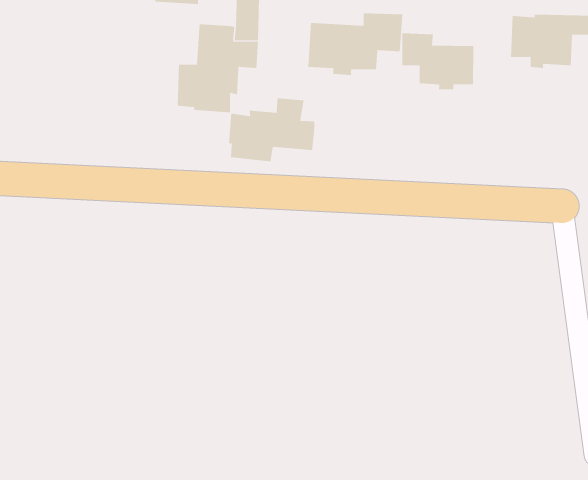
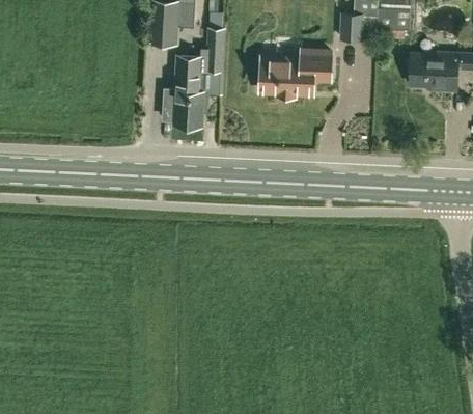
building: [402,33,474,90] -> none
building: [229,97,315,162] -> none

